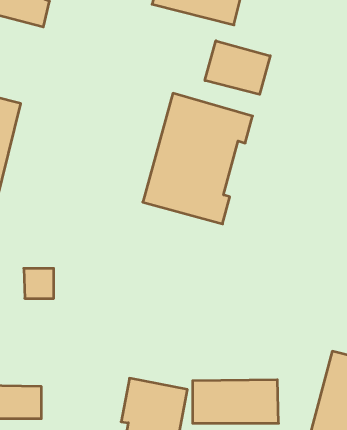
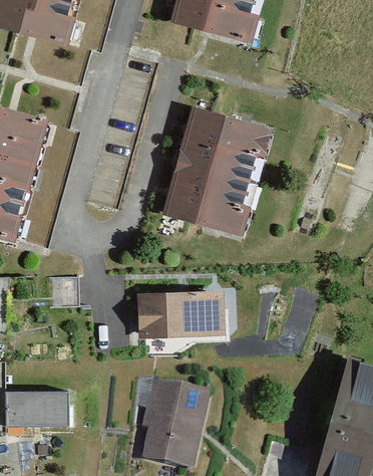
building: [205,41,270,94] -> none
building: [193,380,279,423] -> [140,293,224,335]

